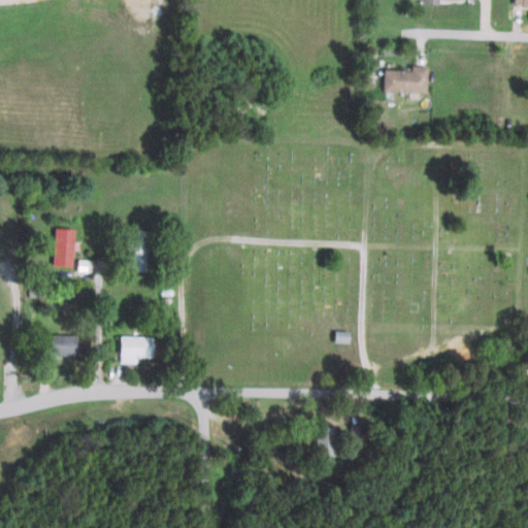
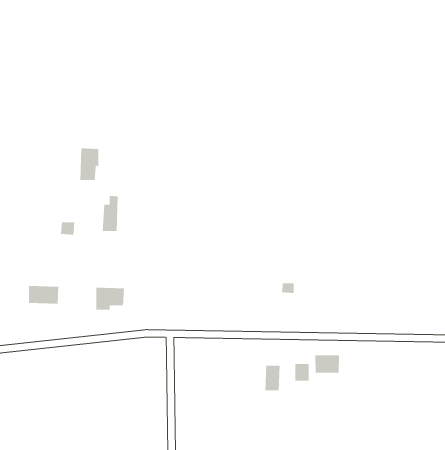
building: [385,67,429,93] -> none
building: [55,229,77,267] -> [80,148,99,181]
building: none -> [315,355,339,373]

